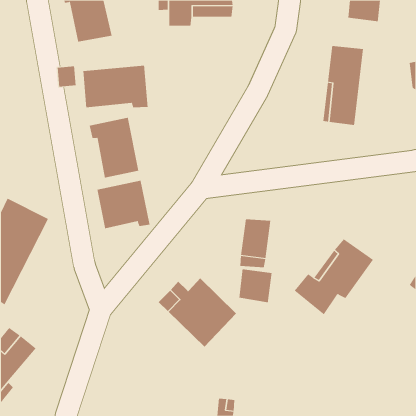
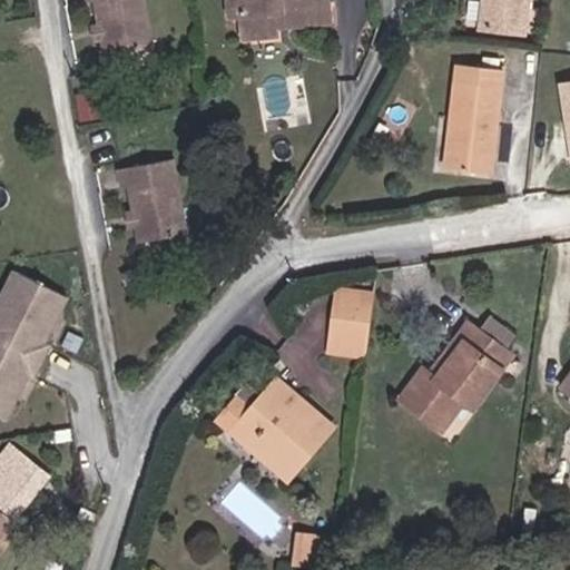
building: [83,65,148,108] -> none
building: [97,180,150,229] -> none
building: [239,269,272,303] -> none

